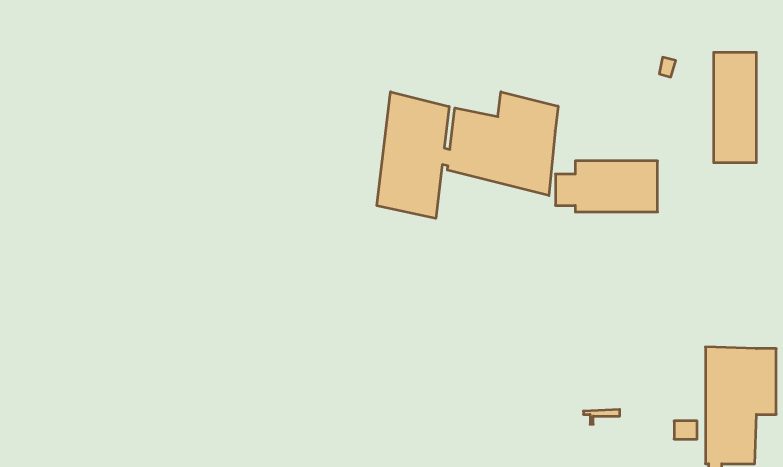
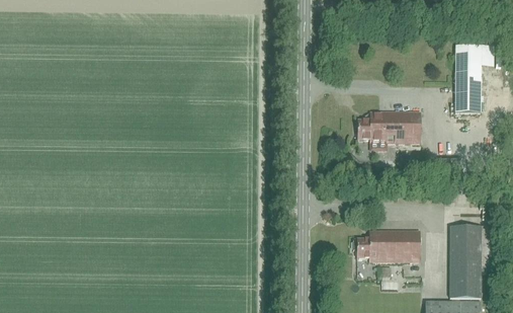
building: [377,92,558,218] -> none
building: none -> [352,230,419,261]

